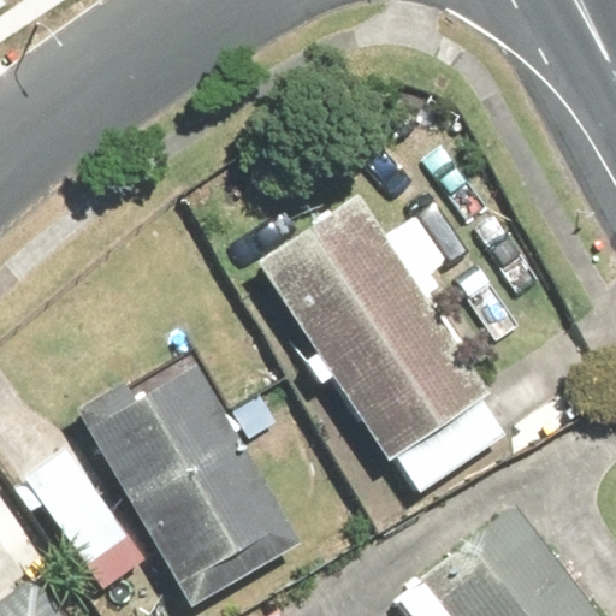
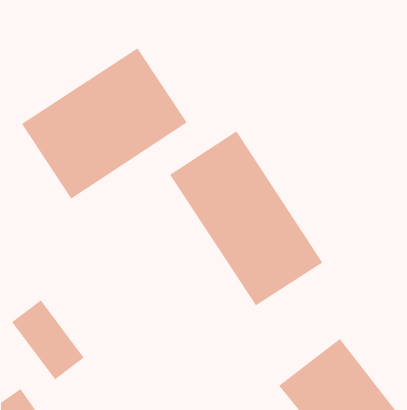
building: none -> [21,48,188,200]
building: [84,367,301,608] -> none

